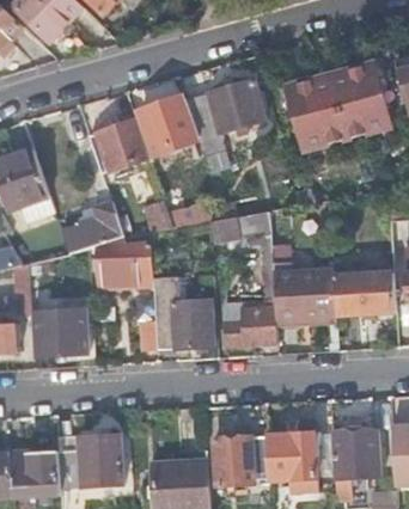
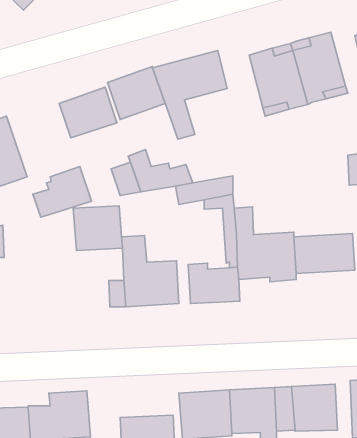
building: [31,309,86,357] -> none

